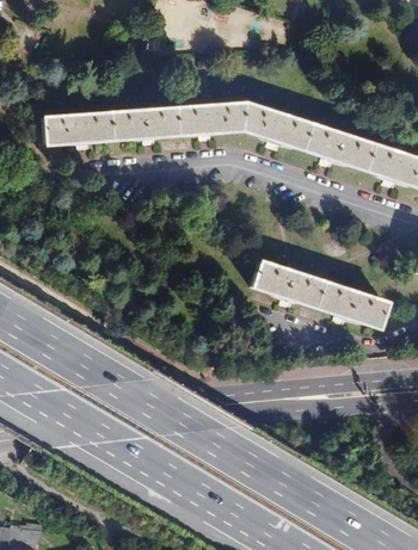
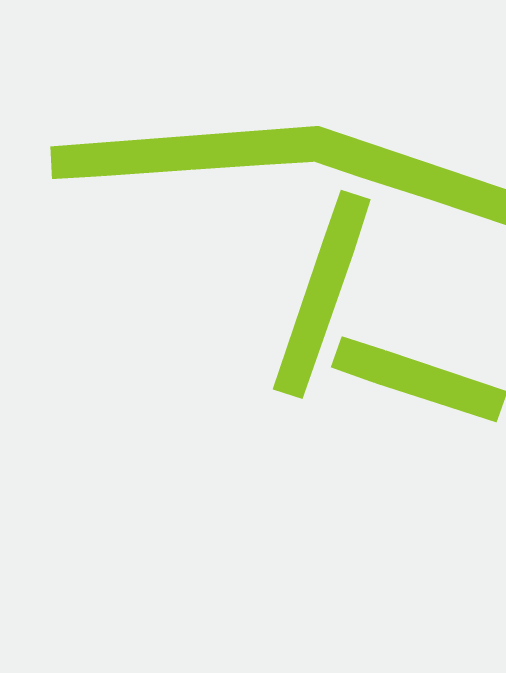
building: none -> [272,189,372,400]

